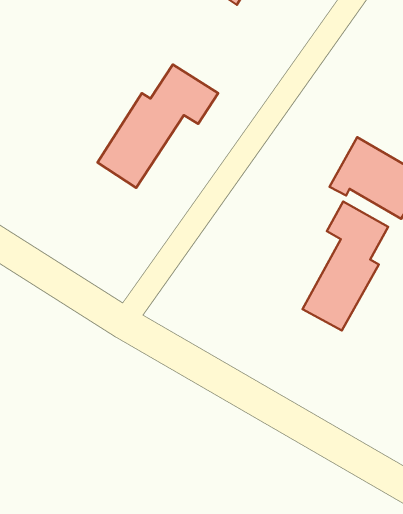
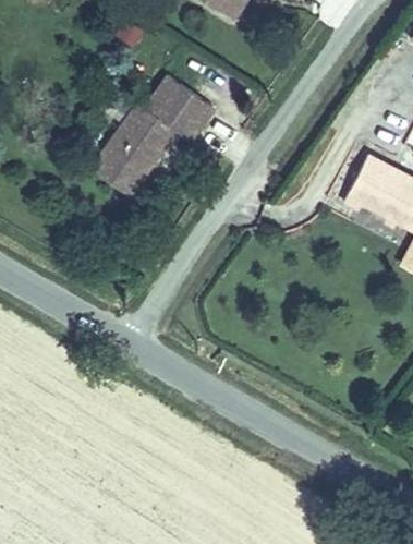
building: [303,202,388,330] -> none

